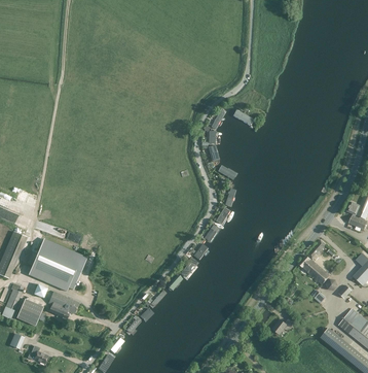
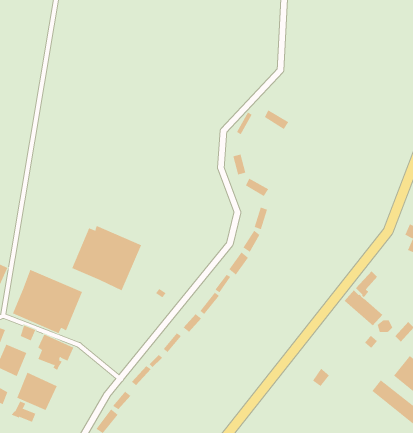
building: none -> [72,225,142,291]
building: none -> [17,372,58,411]

